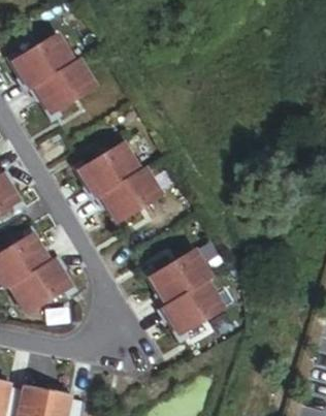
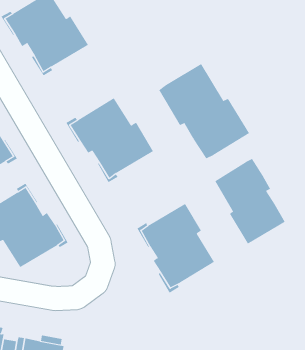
building: none -> [158,63,250,159]
building: none -> [214,158,286,245]

